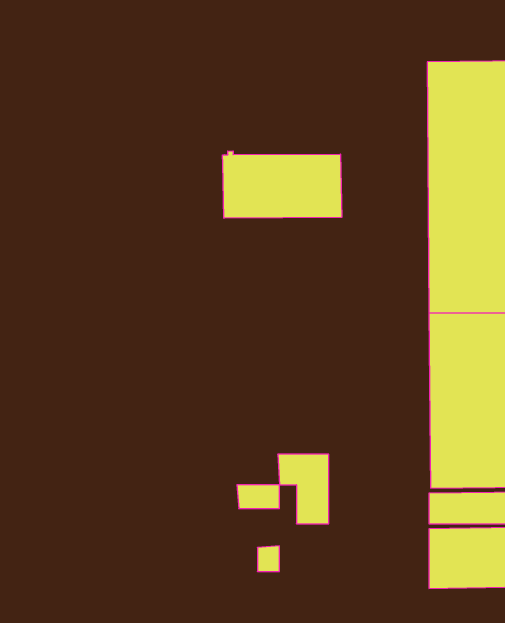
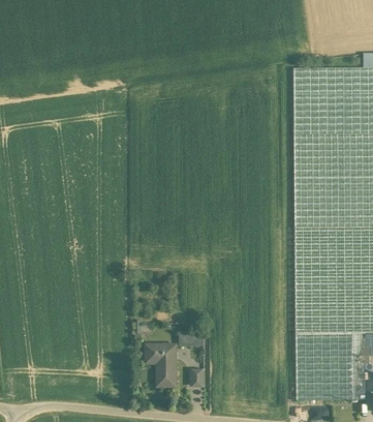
building: [223,151,342,218] -> none
building: [278,454,329,524] -> [145,343,176,386]

